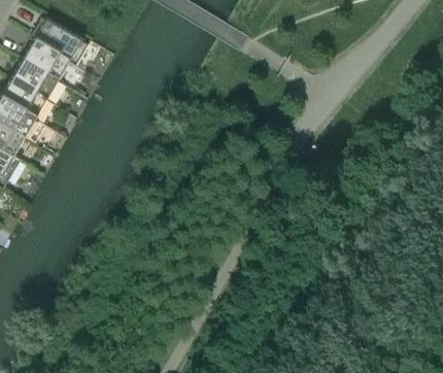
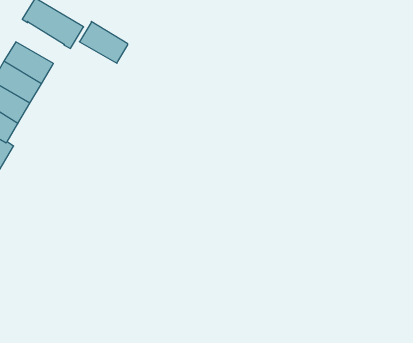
building: [22,40,68,80] -> [79,21,128,63]

